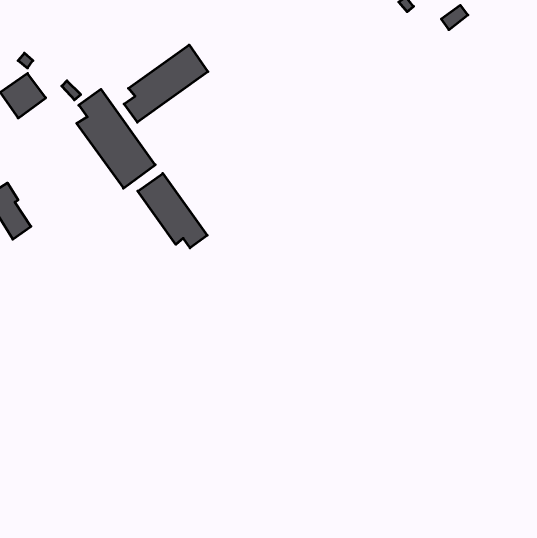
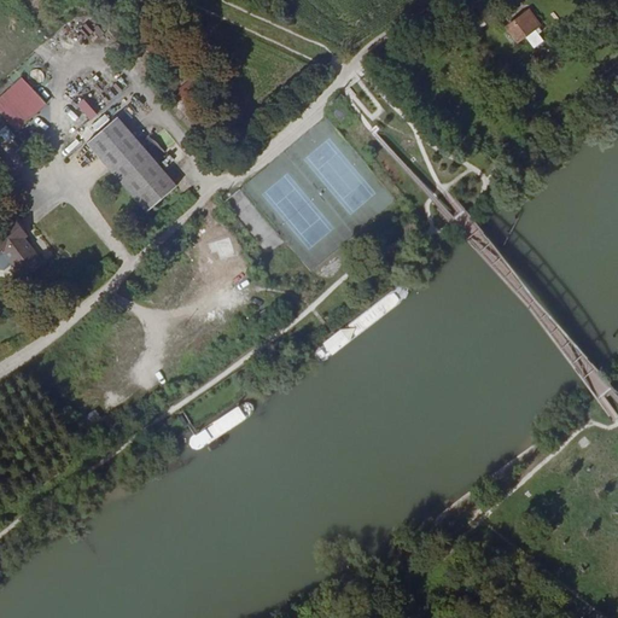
building: [124,45,208,122] -> none
building: [138,173,207,248] -> none

